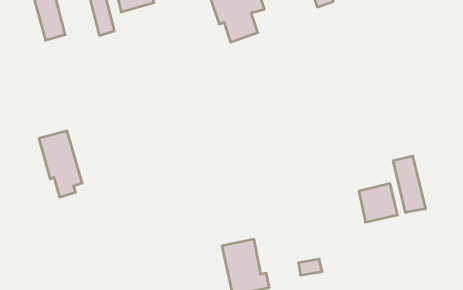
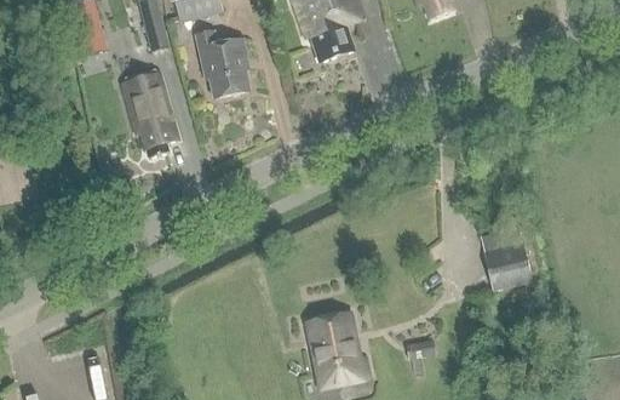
building: none -> [196,29,246,95]
building: [39,131,82,197] -> [121,72,177,156]
building: [393,156,425,213] -> none

